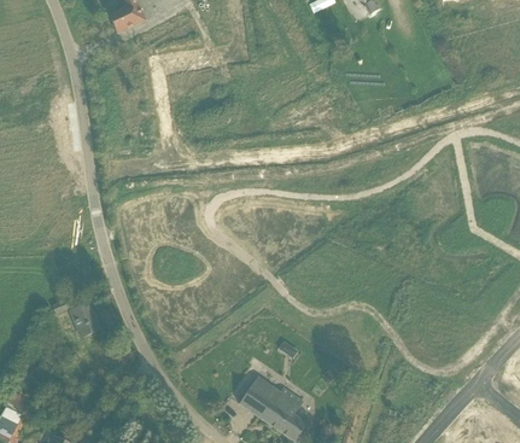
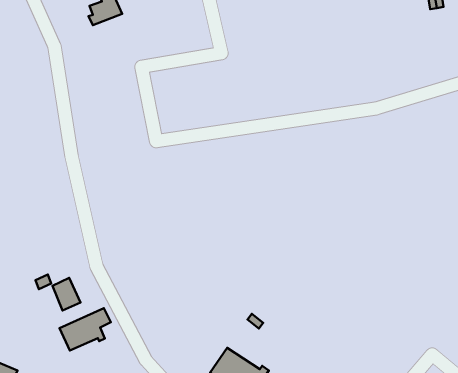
building: none -> [60,308,111,350]

